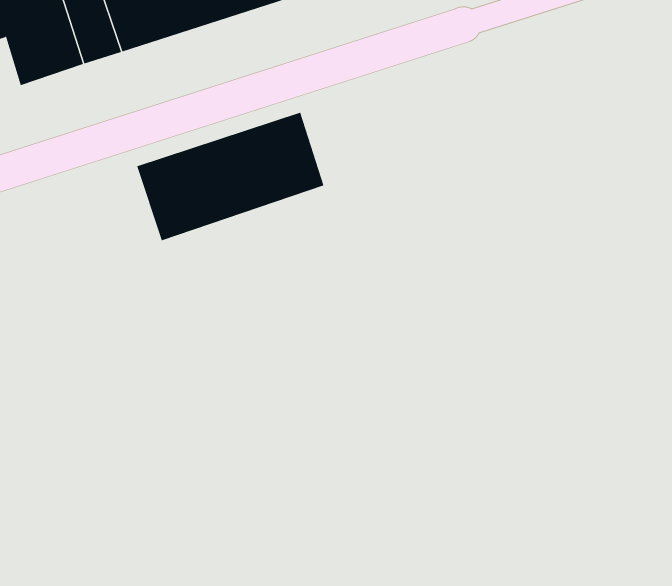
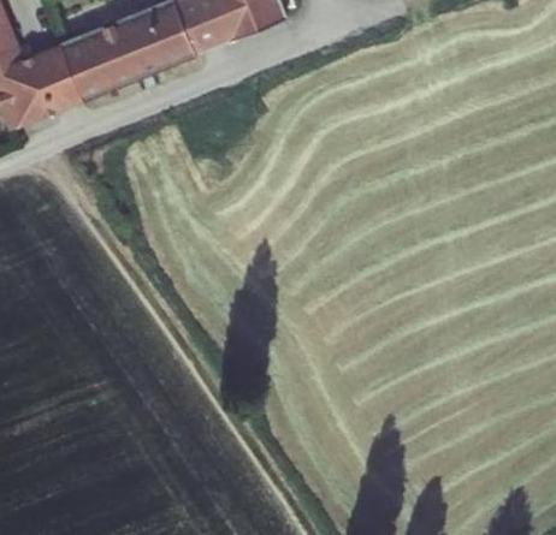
building: [137,112,324,241] -> none

